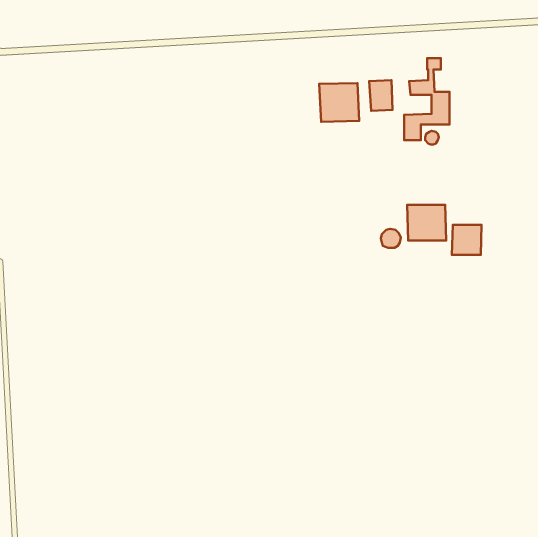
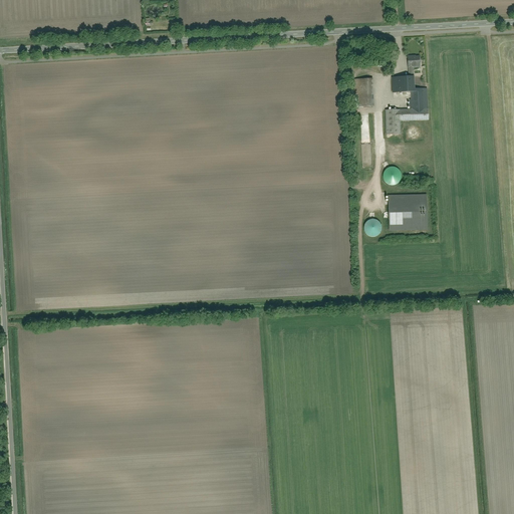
building: [319,83,359,122] -> none
building: [452,225,482,255] -> none

